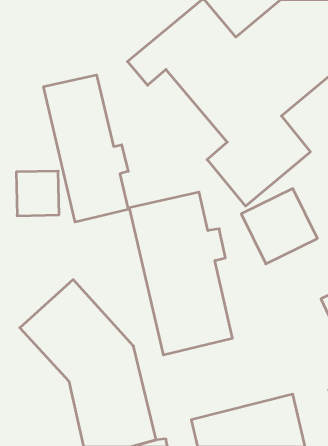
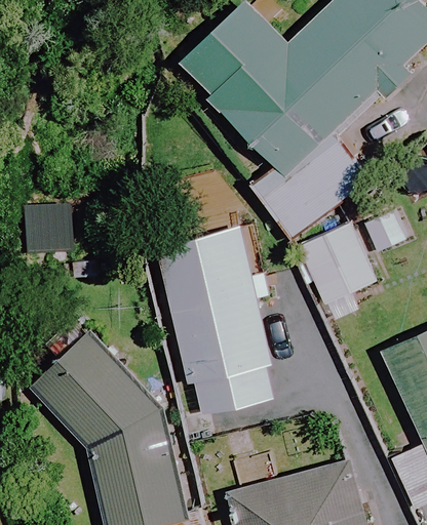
building: [44,75,128,222] -> none

